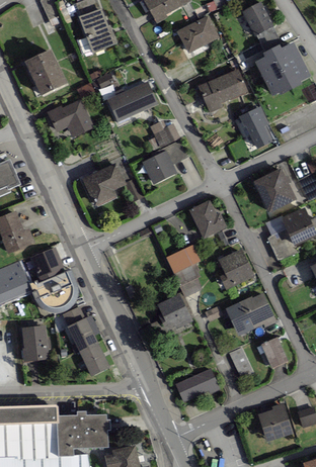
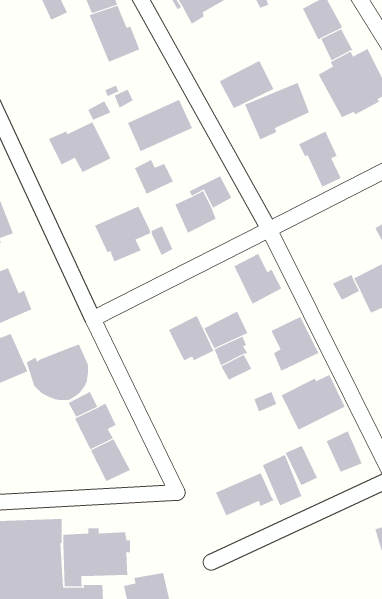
building: [176,15,219,53] -> [219,60,274,109]
building: [24,49,68,95] -> none
building: [150,119,180,147] -> [134,159,174,195]
building: [252,168,297,213] -> none
building: [267,228,298,261] -> none
building: [29,247,65,281] -> none
building: [157,293,192,329] -> [168,315,214,361]
building: [22,324,49,362] -> none
building: none -> [262,454,302,506]
building: [258,402,294,442] -> none

